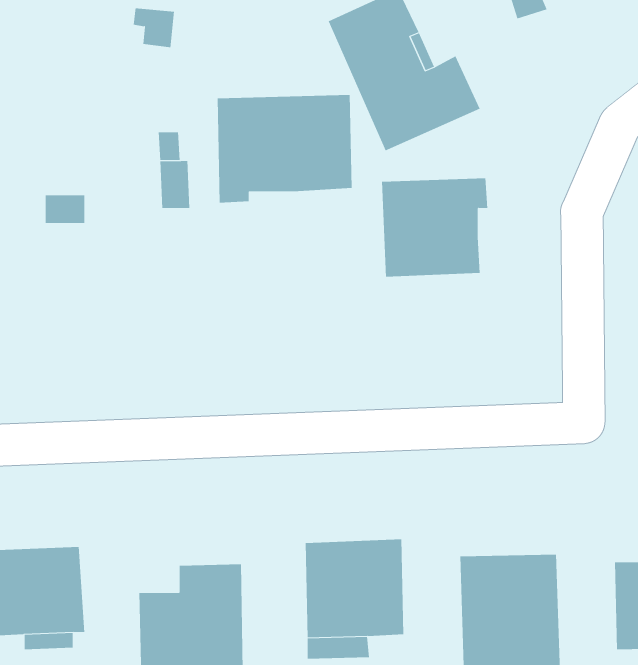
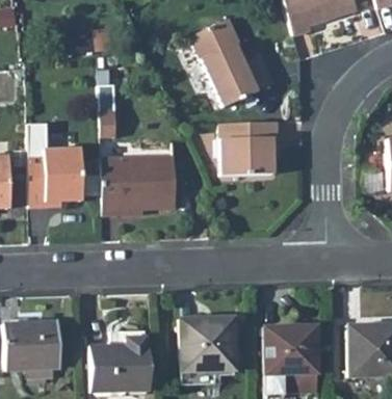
building: [217,94,353,203] -> [103,156,177,215]
building: none -> [29,148,83,207]

